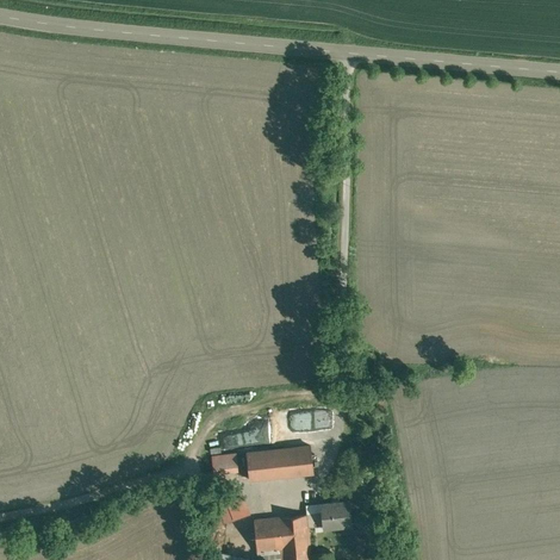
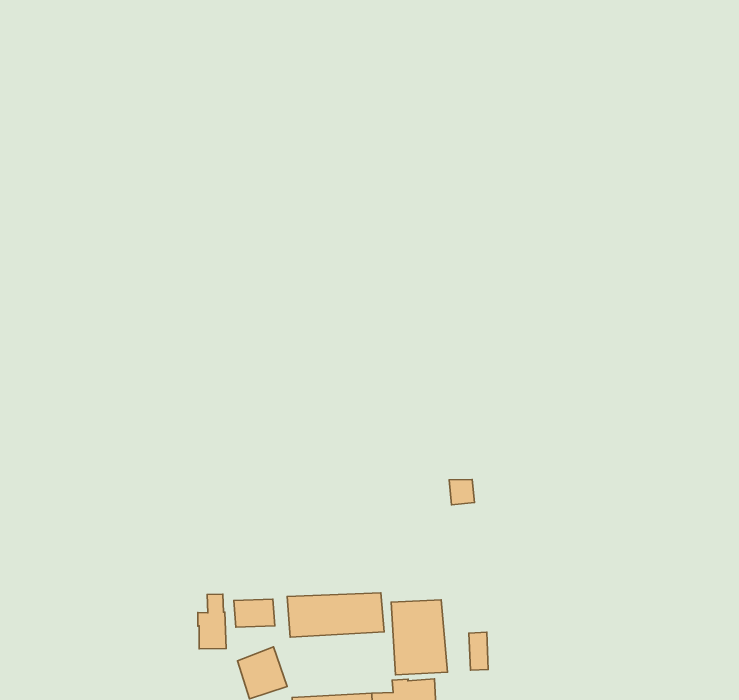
building: none -> [391,600,448,675]
building: none -> [198,594,226,649]

